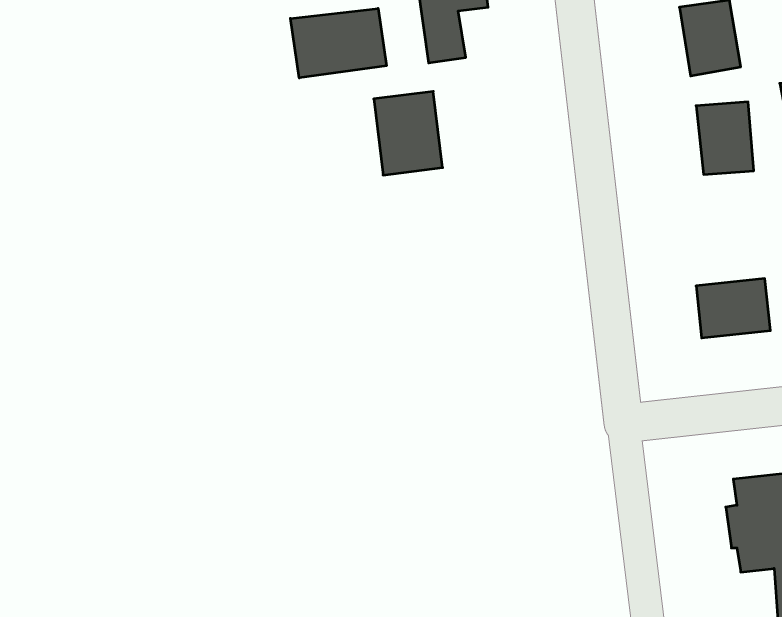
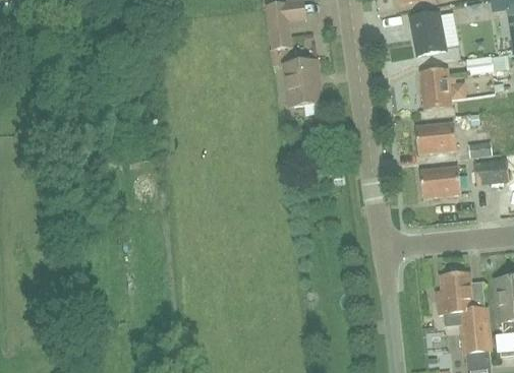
building: [290,8,386,78] -> none
building: [374,91,443,175] -> [285,59,323,105]
building: none -> [415,121,455,153]

